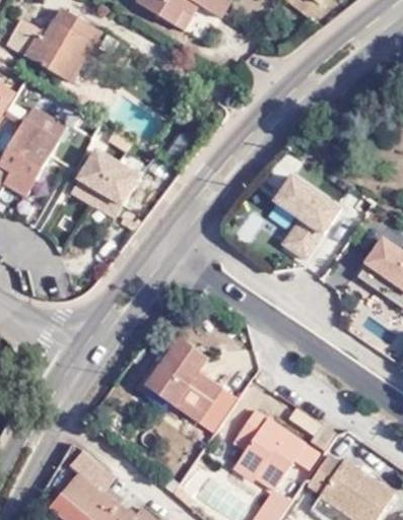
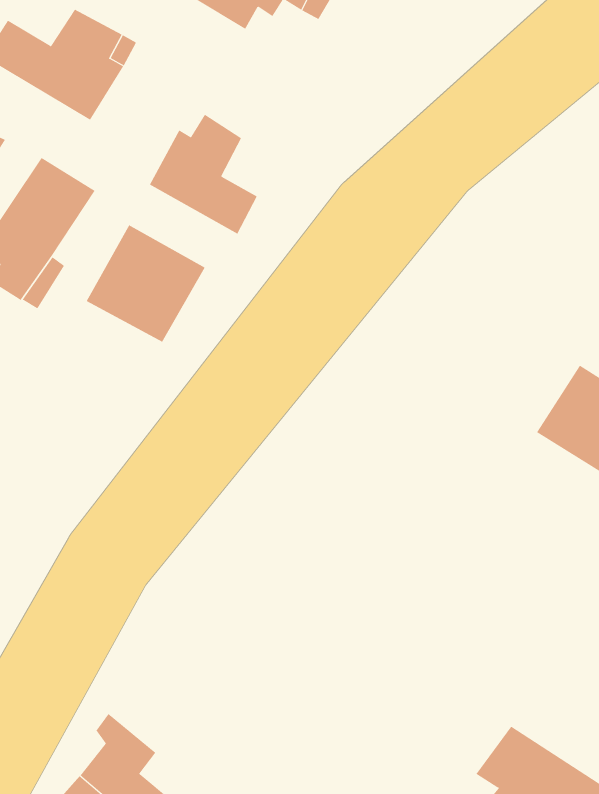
building: none -> [149,114,257,235]
building: [273,172,342,262] -> none
building: [146,345,222,426] -> none
building: [240,414,326,496] -> none

